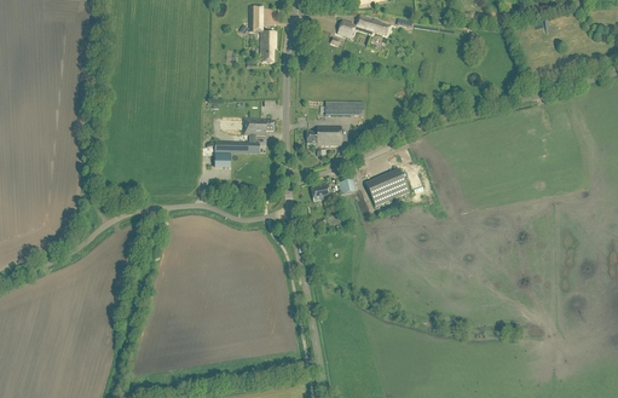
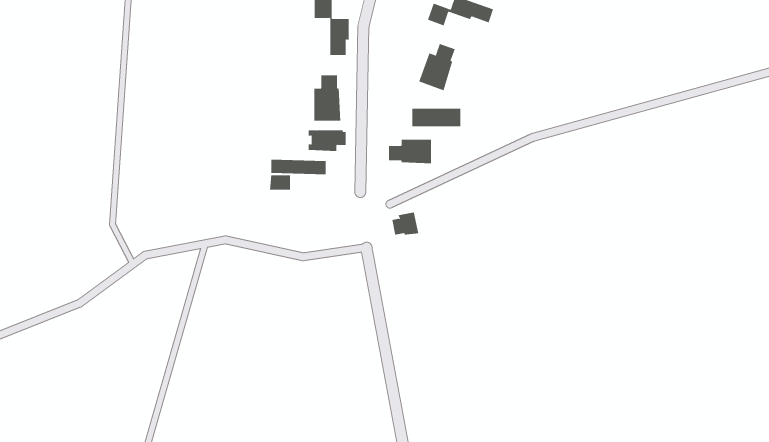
building: none -> [419,43,455,91]
building: none -> [314,74,341,121]
building: [365,168,409,207] -> none

